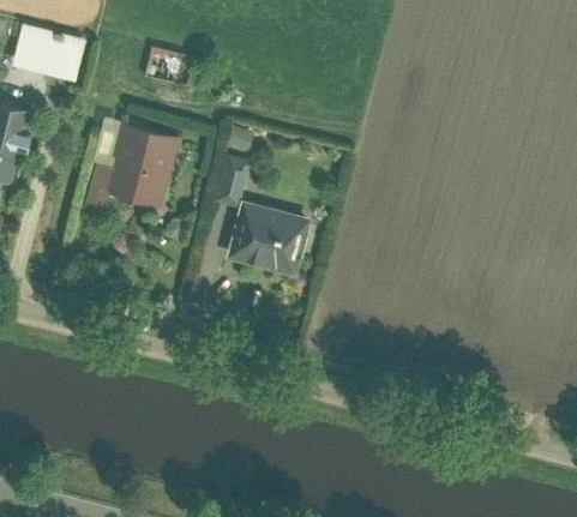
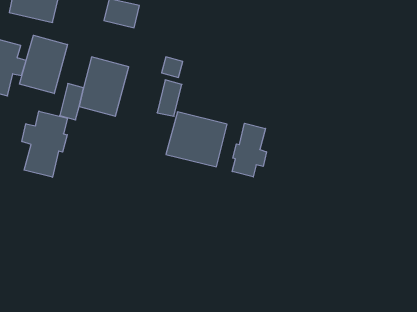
building: none -> [20,35,67,94]
building: none -> [22,111,67,177]
building: none -> [232,123,266,177]

